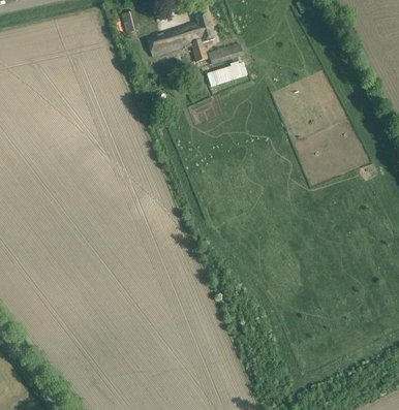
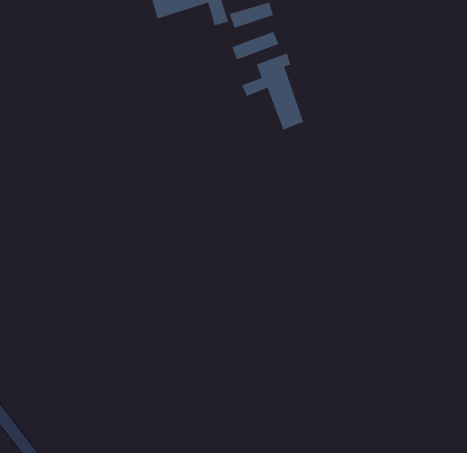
building: none -> [242,52,304,131]

